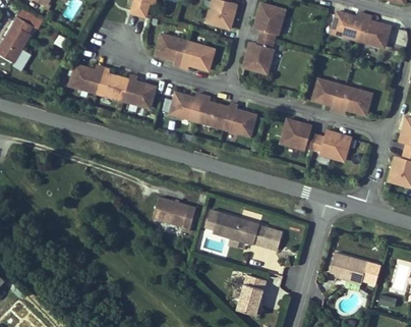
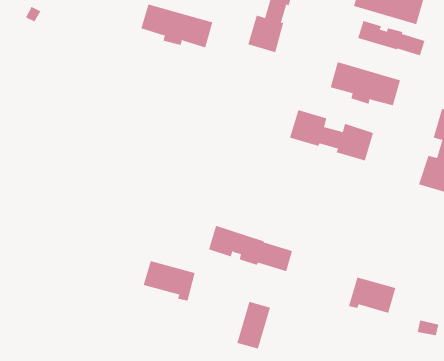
building: none -> [357,20,425,56]
building: [69,59,156,104] -> none
building: [169,89,255,133] -> none
building: [152,199,195,232] -> [143,261,196,301]

